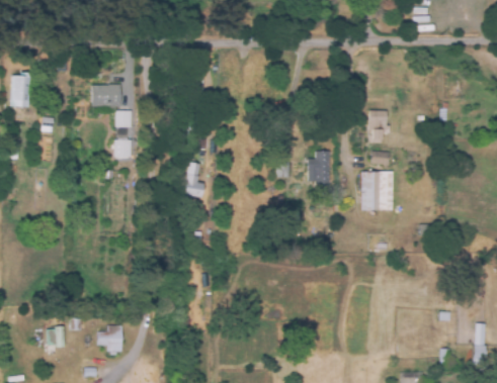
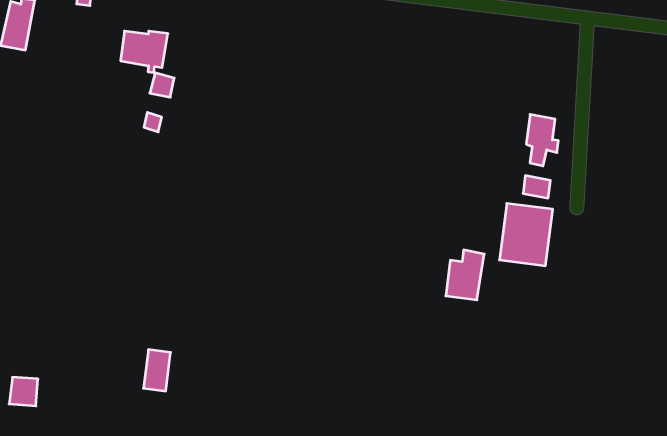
building: [309,149,331,181] -> [446,250,484,300]
building: [182,163,202,198] -> none
building: [108,324,123,351] -> [143,350,171,391]

